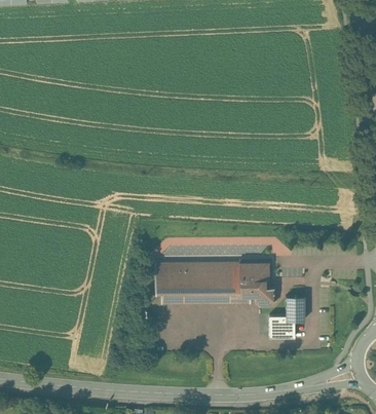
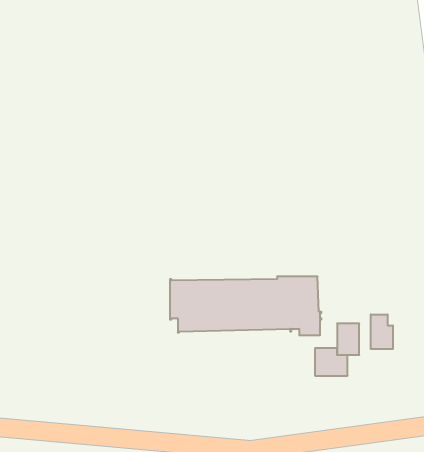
building: none -> [371,314,393,349]

